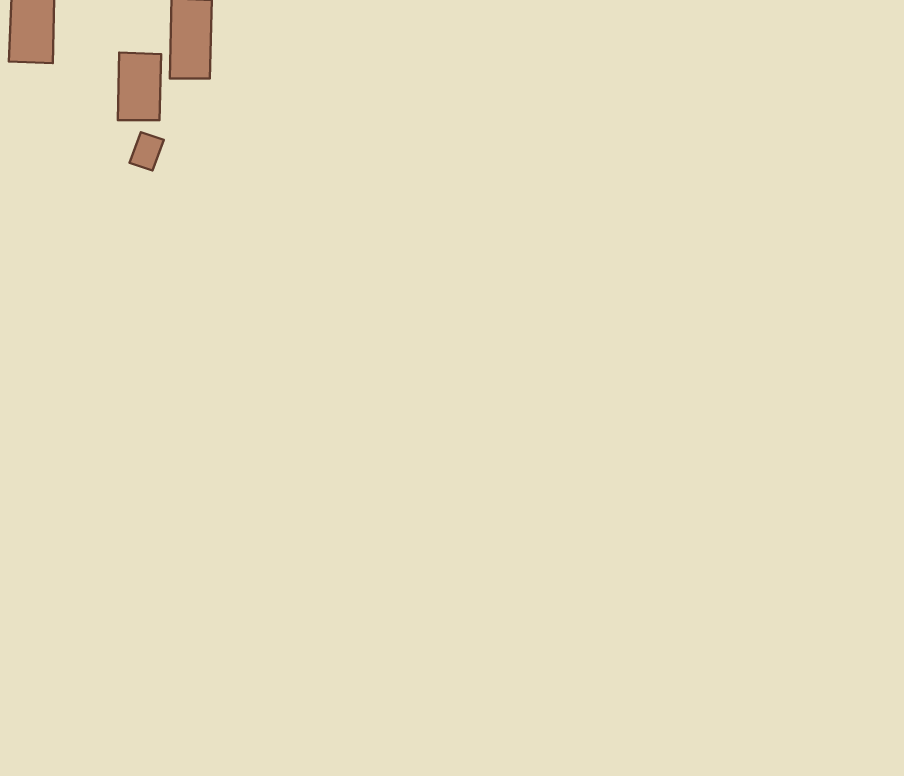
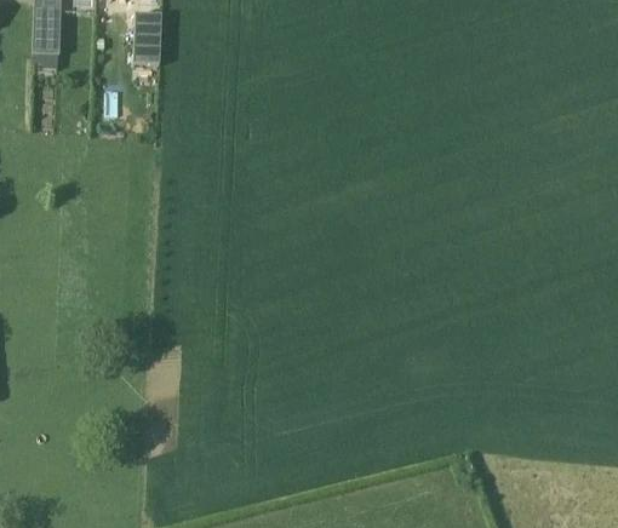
building: [118,52,161,120] -> none

